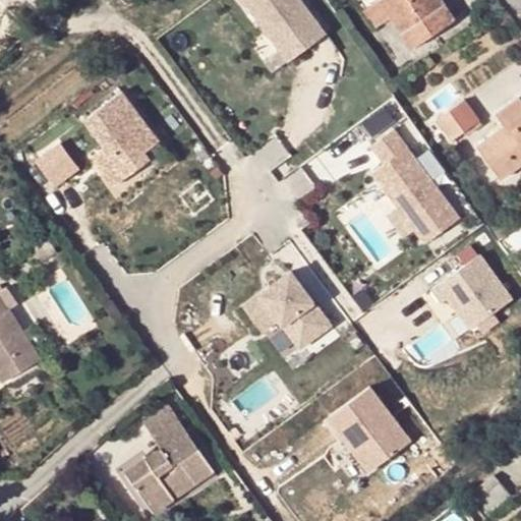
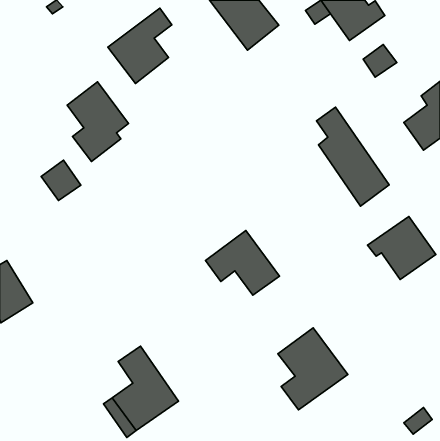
building: none -> [108,8,172,83]
building: [437,102,476,140] -> [363,44,397,77]
building: [36,140,82,188] -> [41,160,81,201]

